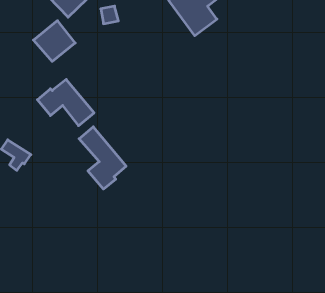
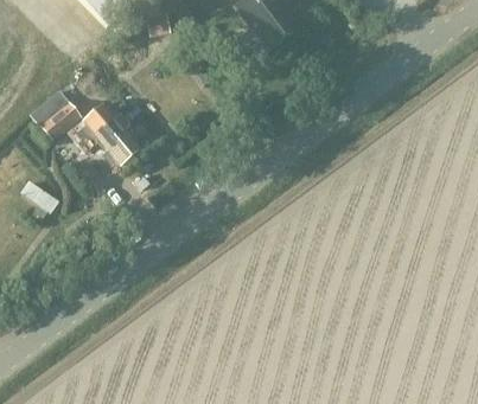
building: [33,21,75,61] -> [30,85,83,137]
building: [79,127,126,189] -> none

